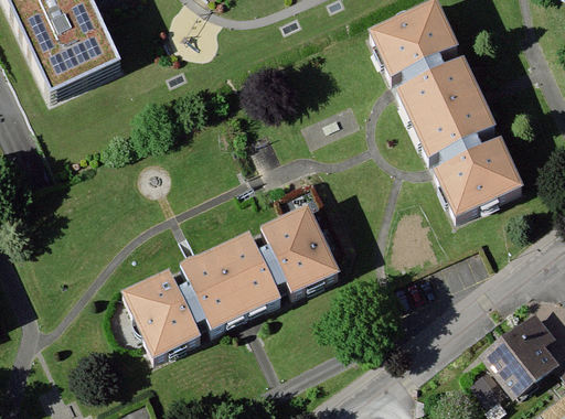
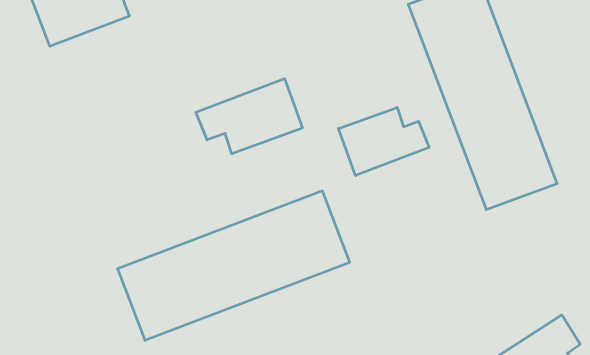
building: none -> [196,79,302,154]
building: none -> [338,107,429,176]

